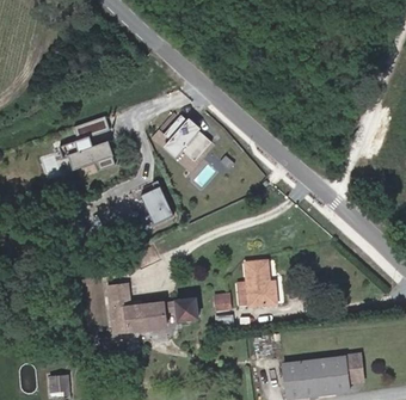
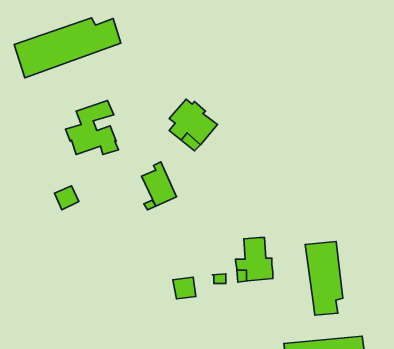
building: none -> [14,18,121,78]
building: none -> [305,241,343,315]
building: [106,281,164,330] -> none

